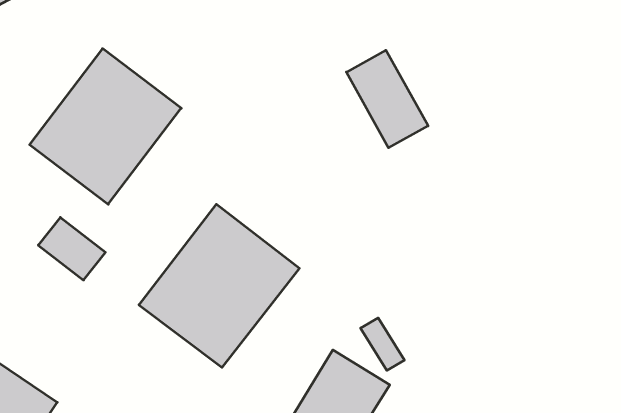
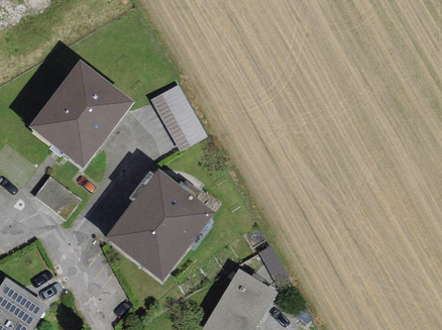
building: [346,50,428,148] -> [150,84,207,151]

